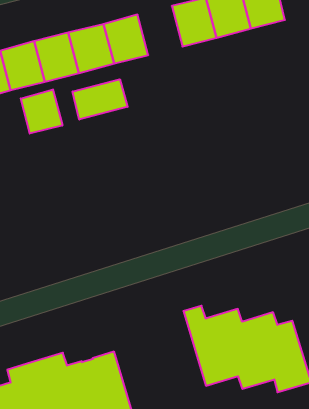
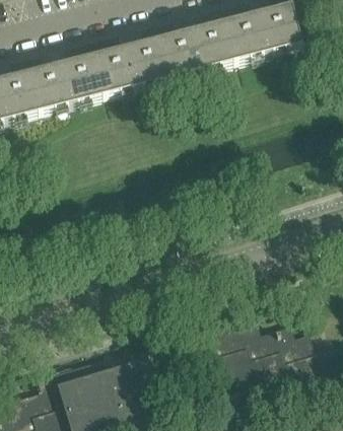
building: none -> [162,29,205,76]
building: [73,79,128,120] -> none
building: [21,89,62,134] -> none

